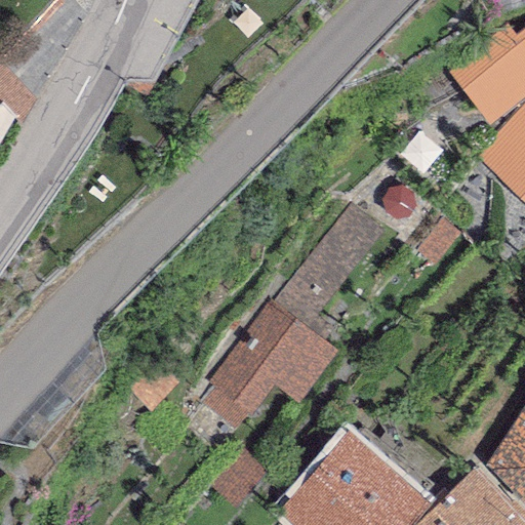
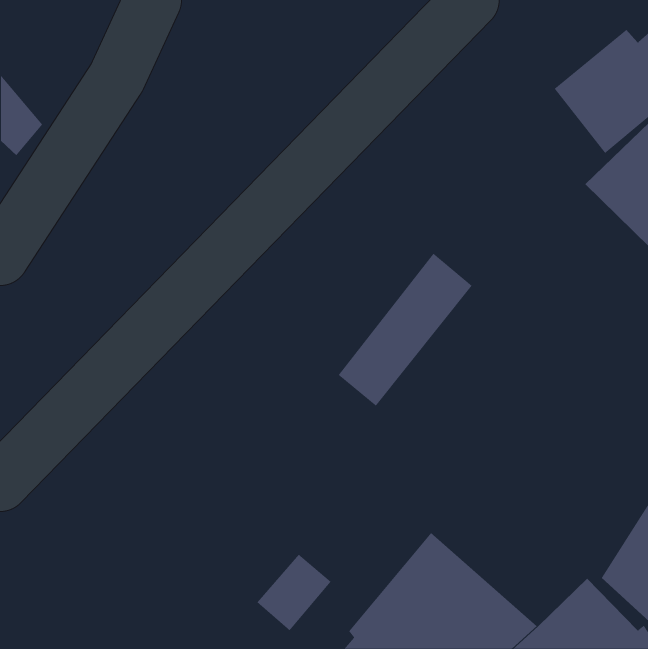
building: [203,300,336,430] -> none

